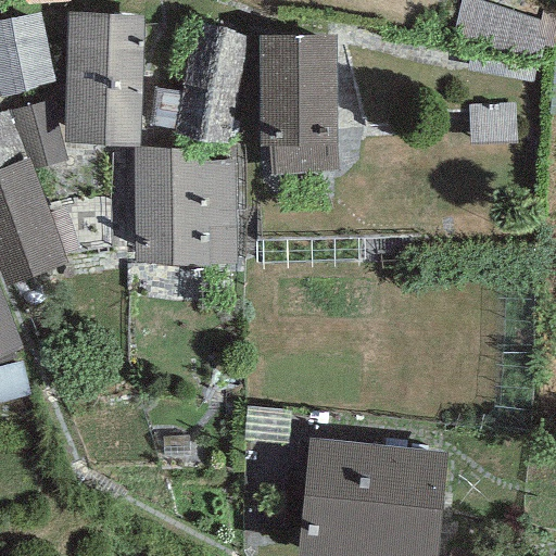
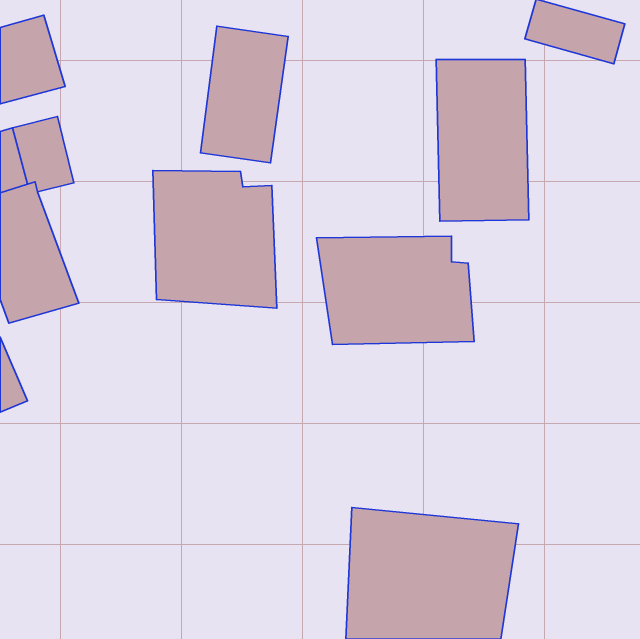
building: [65,14,140,142] -> none
building: [258,36,339,176] -> [436,60,529,221]
building: none -> [317,236,474,345]

